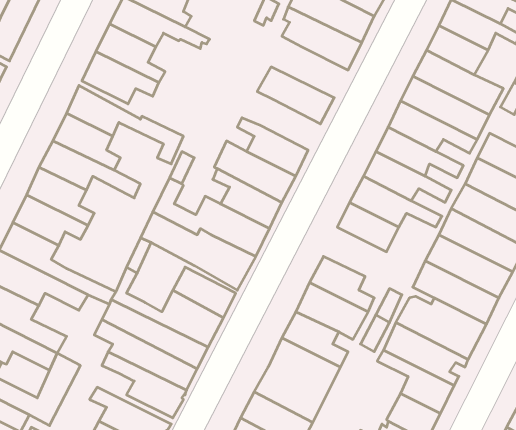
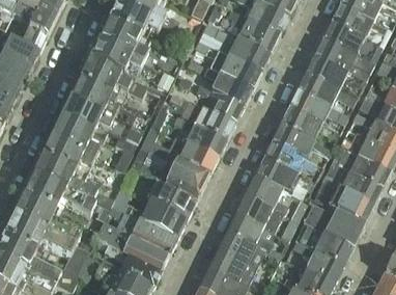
building: none -> [201,21,271,70]
building: none -> [211,71,252,105]
building: none -> [254,157,311,194]

